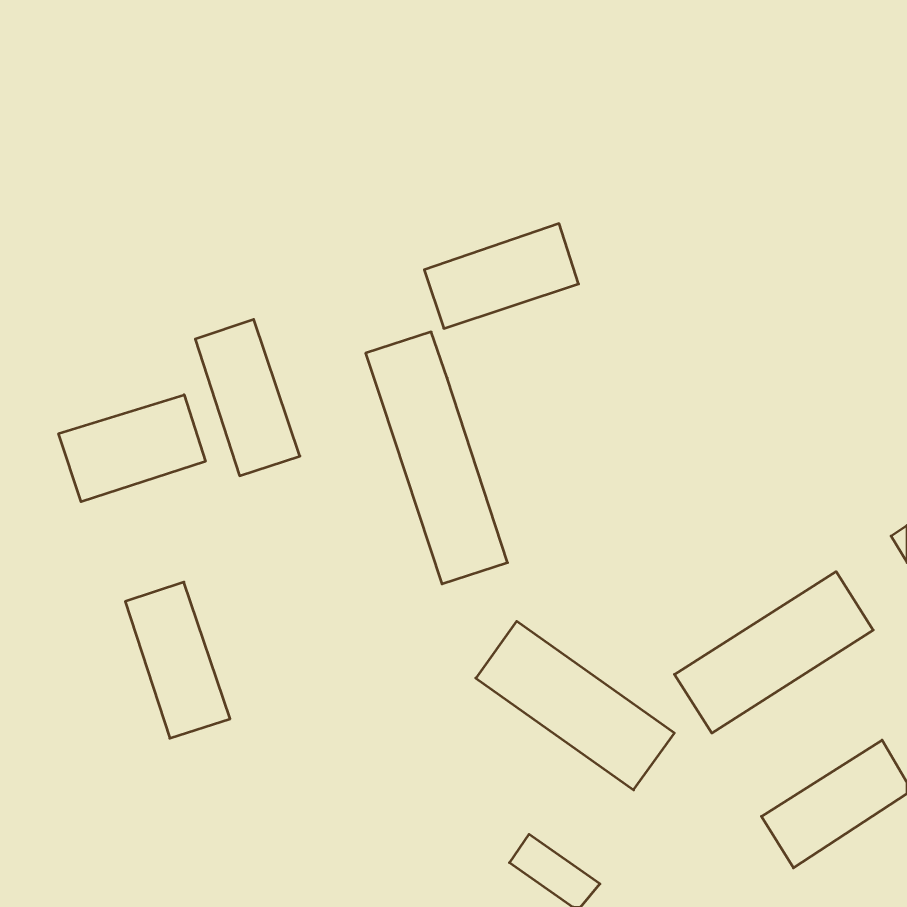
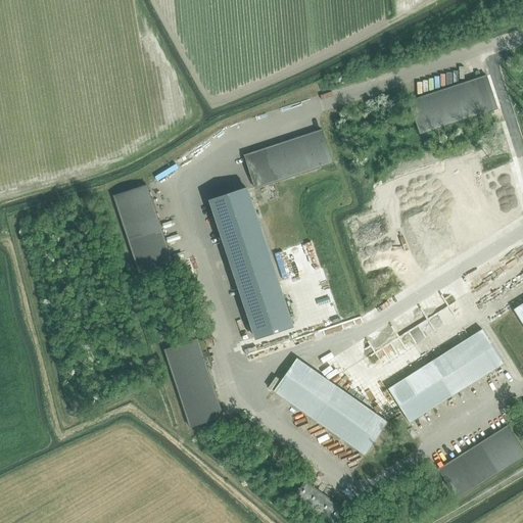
building: none -> [409,76,497,135]
building: [59,395,205,502] -> none
building: [125,582,230,738] -> [163,338,224,428]

